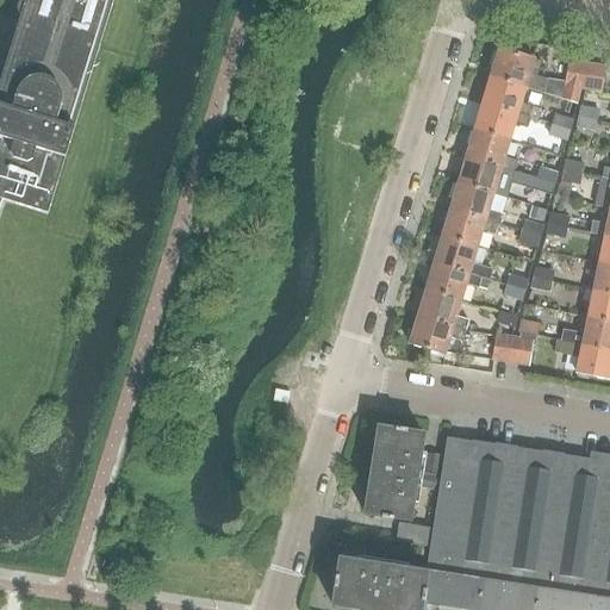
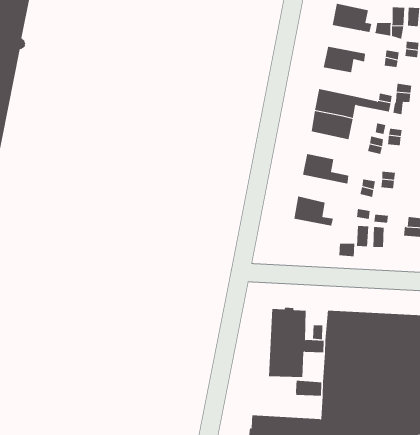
building: [481,75,540,119] -> none
building: [465,127,517,169] -> none
building: [441,207,497,245] -> none
building: [424,261,490,299] -> none
building: [407,316,463,354] -> none

